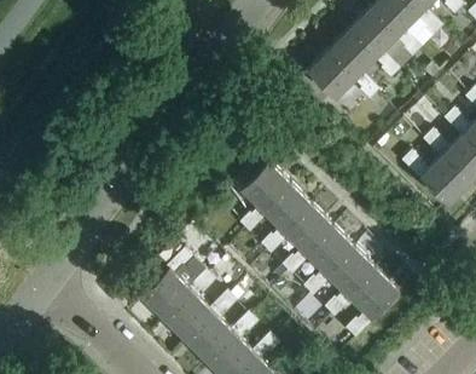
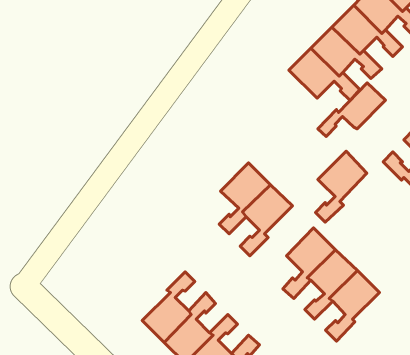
building: none -> [318,83,386,137]
building: [281,206,332,276] -> [315,151,367,222]
building: [141,249,205,320] -> none

